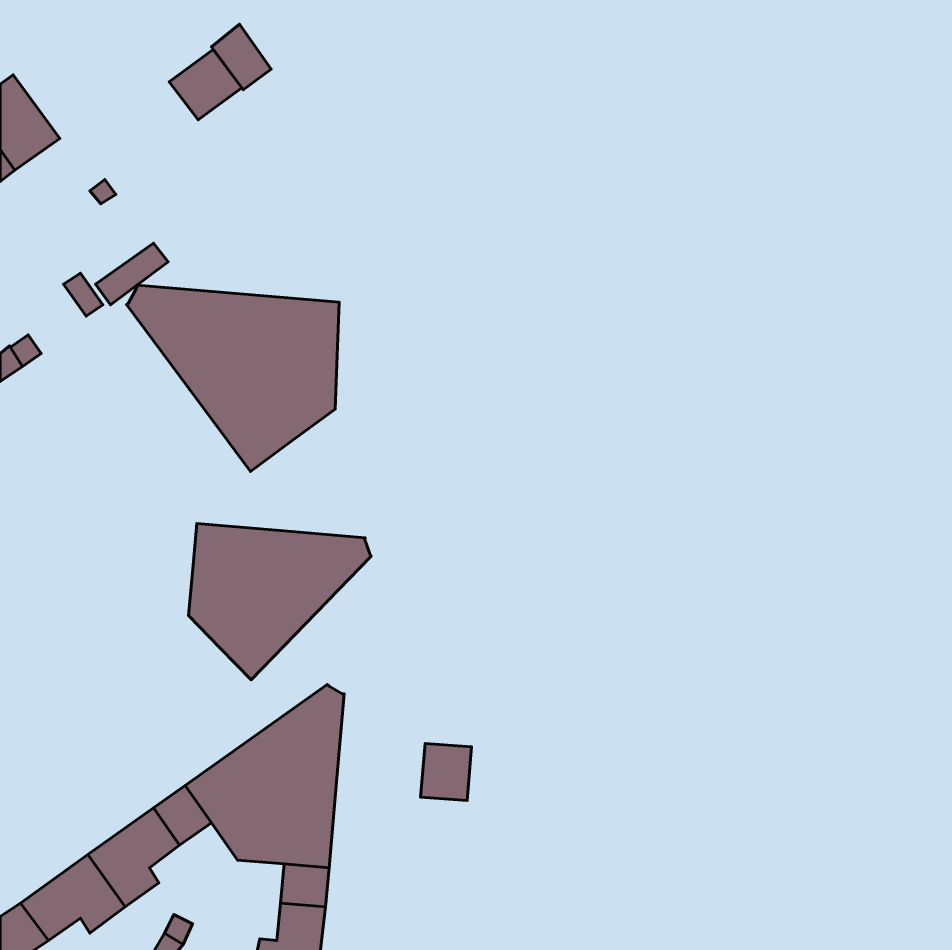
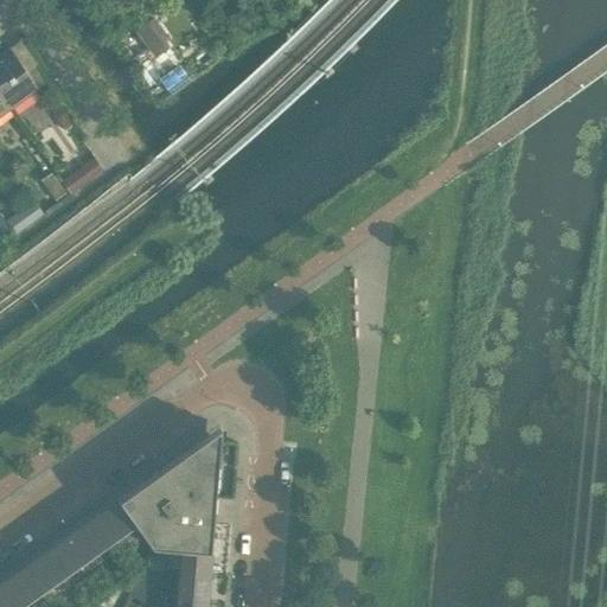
building: [169,50,242,120] -> none
building: [126,285,339,471] -> none
building: [189,524,371,680] -> none
building: [421,744,472,801] -> none

